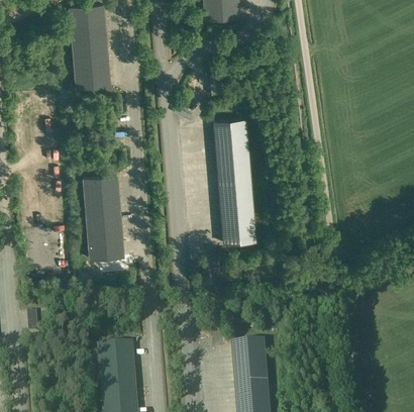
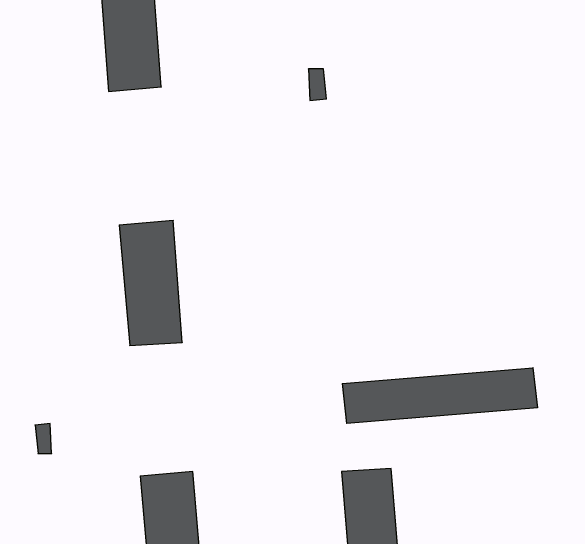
building: [213,118,257,242] -> none
building: none -> [342,368,537,423]

